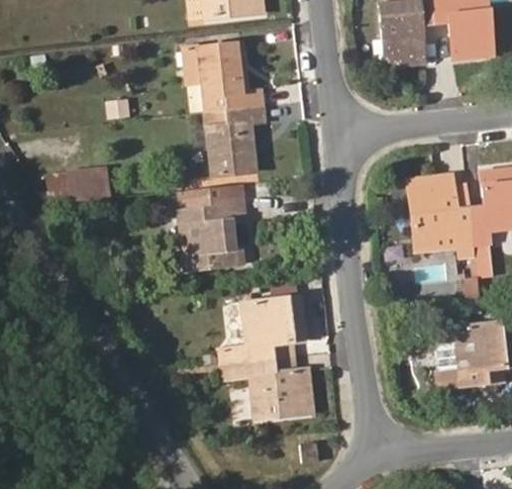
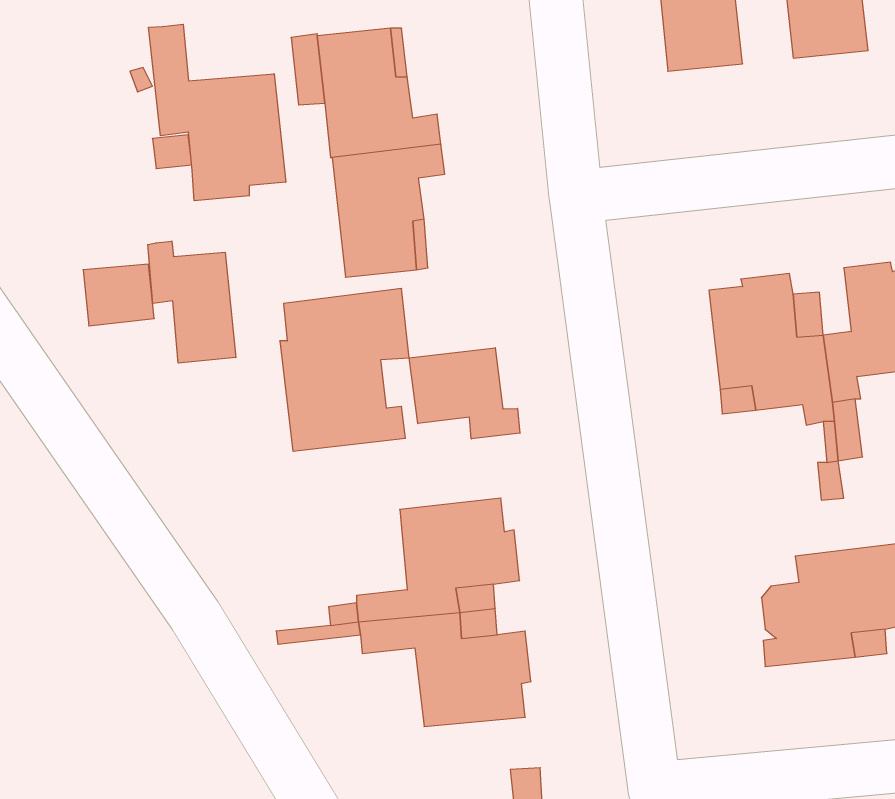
building: none -> [149,24,286,201]
building: none -> [148,241,236,363]
building: [36,173,74,206] -> none
building: none -> [409,348,520,439]

